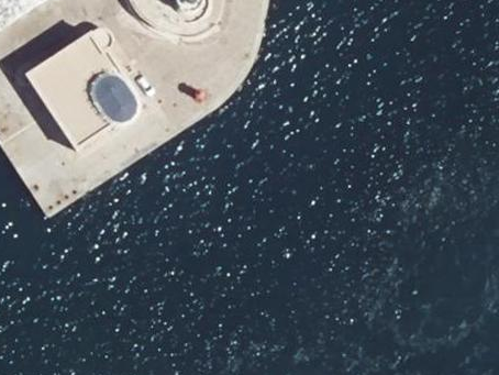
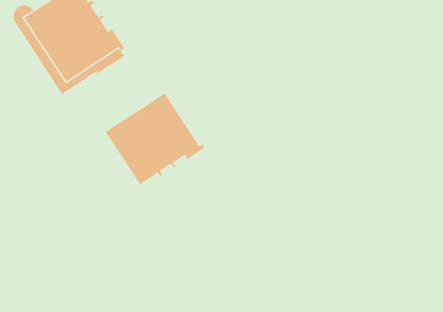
building: none -> [105,92,205,185]

